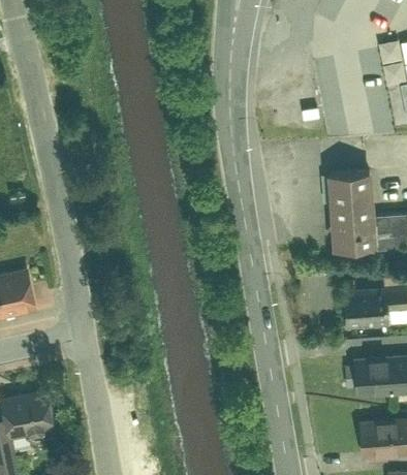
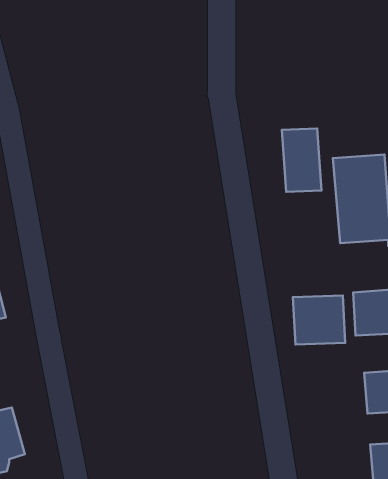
building: none -> [282,128,322,192]
building: none -> [293,296,345,345]

